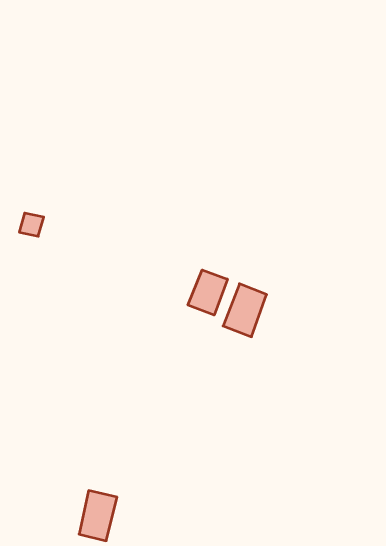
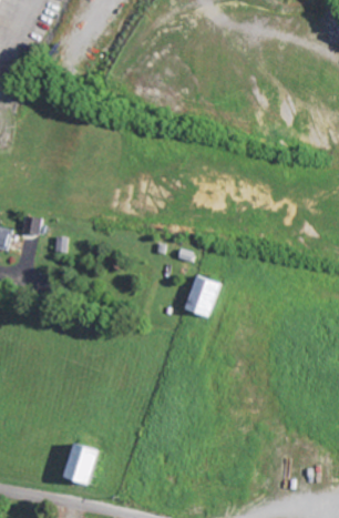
building: [188,270,227,315] -> none

